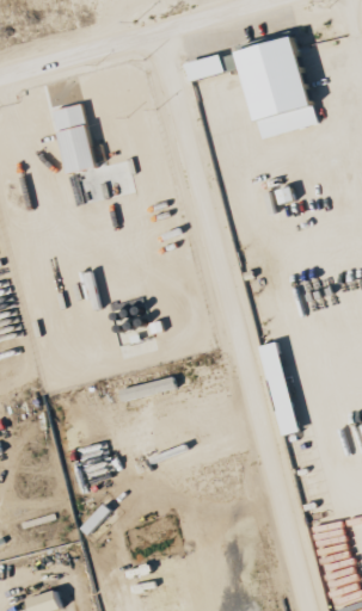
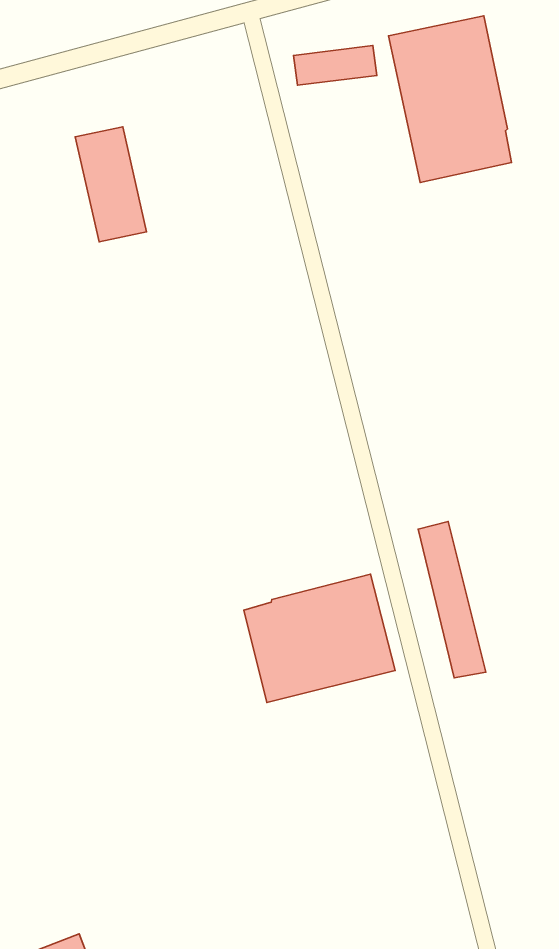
building: none -> [244,574,395,702]

